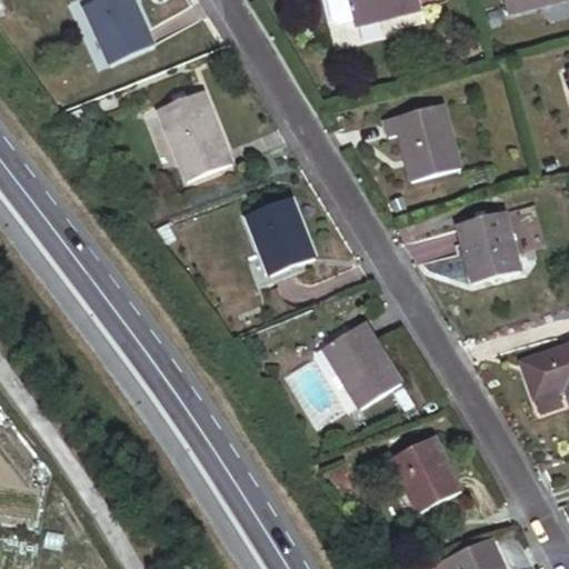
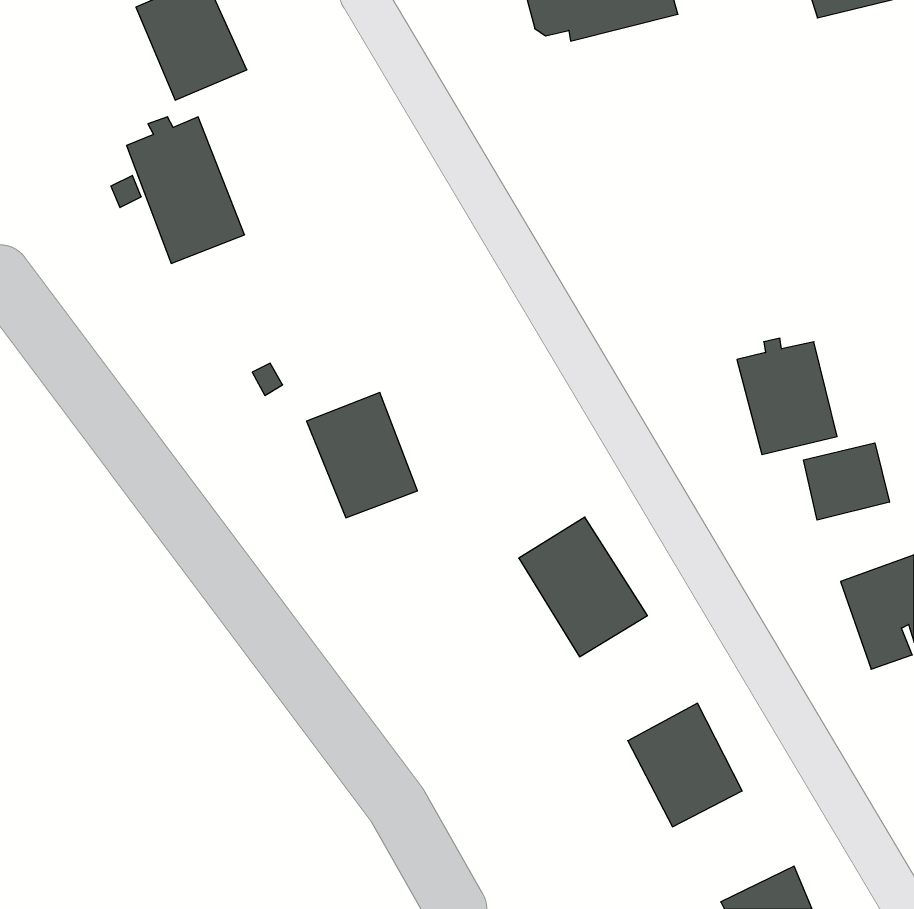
building: [158,90,231,181] -> [127,117,245,263]
building: [383,104,459,180] -> none
building: [246,198,315,276] -> [307,393,417,518]
building: none -> [804,443,889,520]

